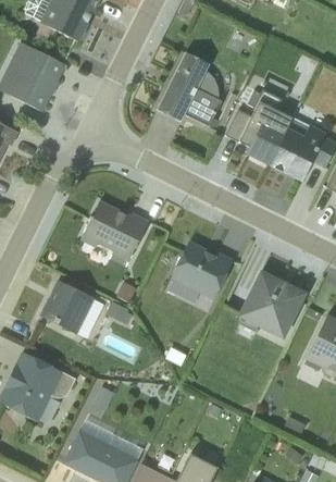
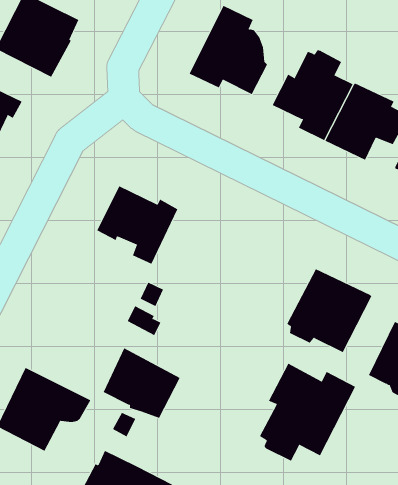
building: [171,240,234,299] -> none
building: [40,279,104,337] -> [103,347,181,419]
building: none -> [259,363,356,461]

